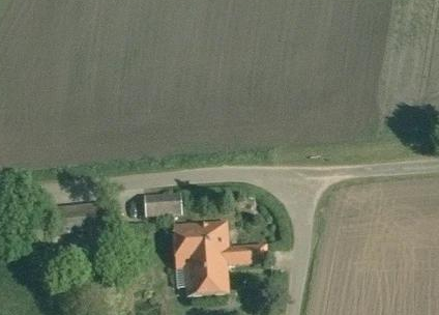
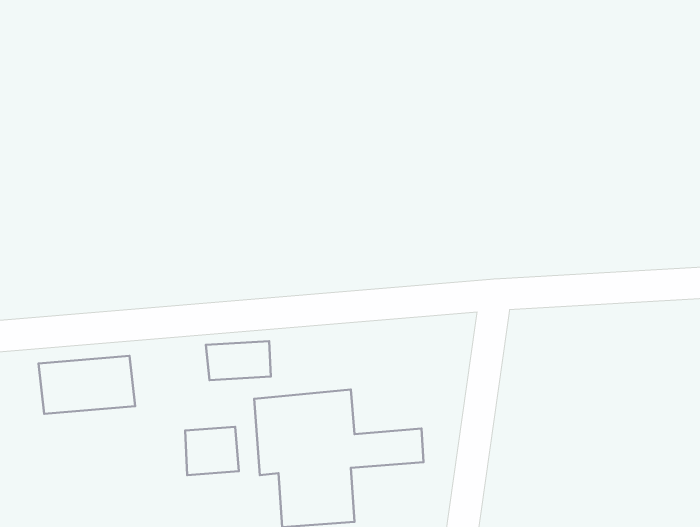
building: none -> [185,427,239,475]

